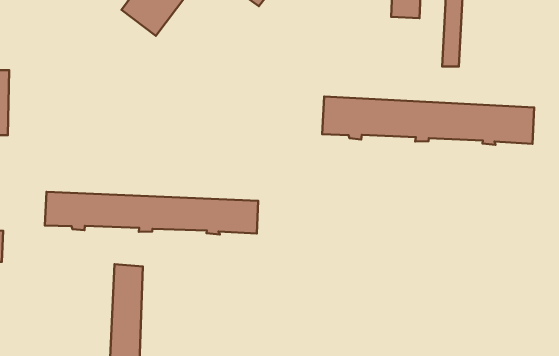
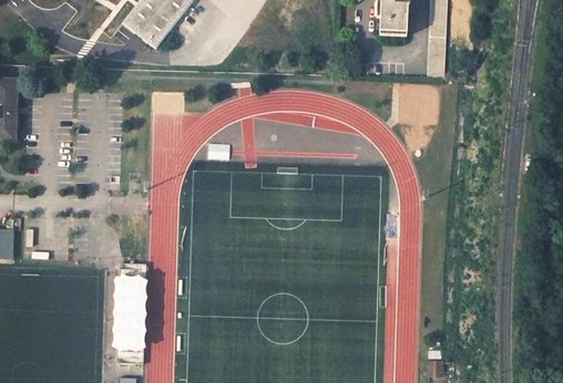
building: [322,96,534,145] -> none
building: [45,192,258,234] -> none

